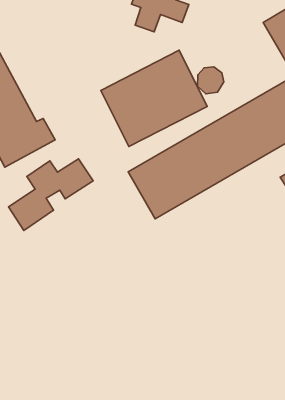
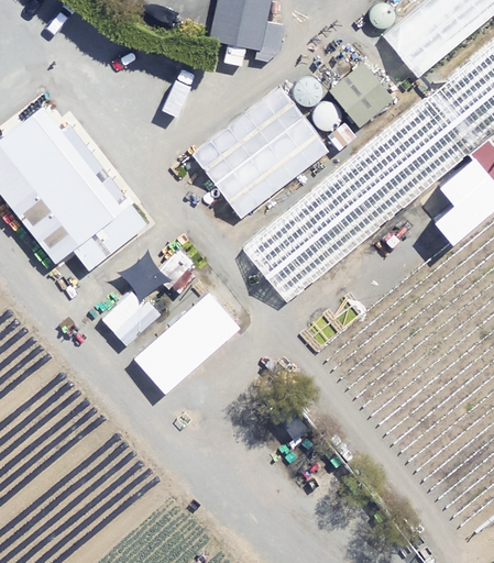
building: none -> [329,64,391,126]
building: none -> [133,290,242,394]

